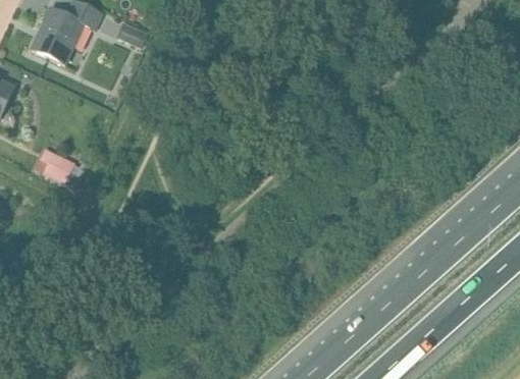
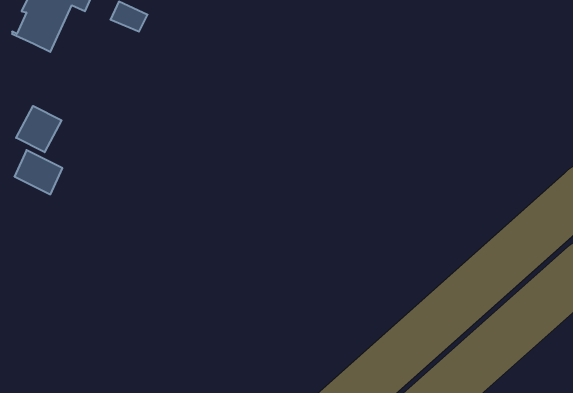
building: none -> [16,106,62,152]

